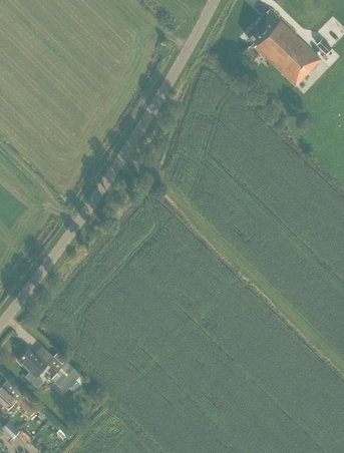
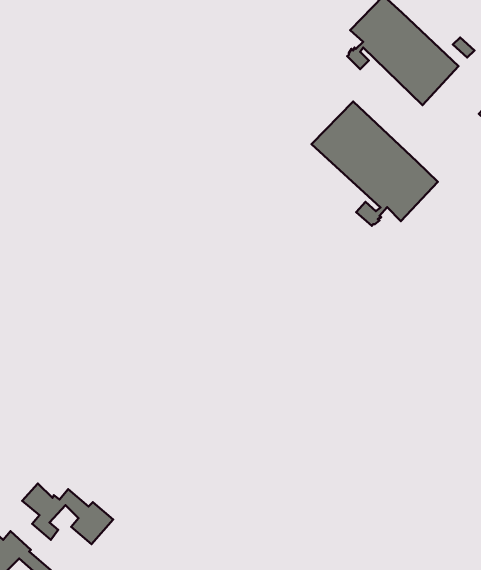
building: none -> [312,101,438,226]

